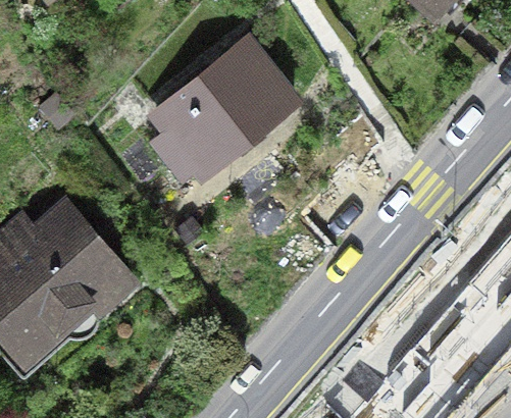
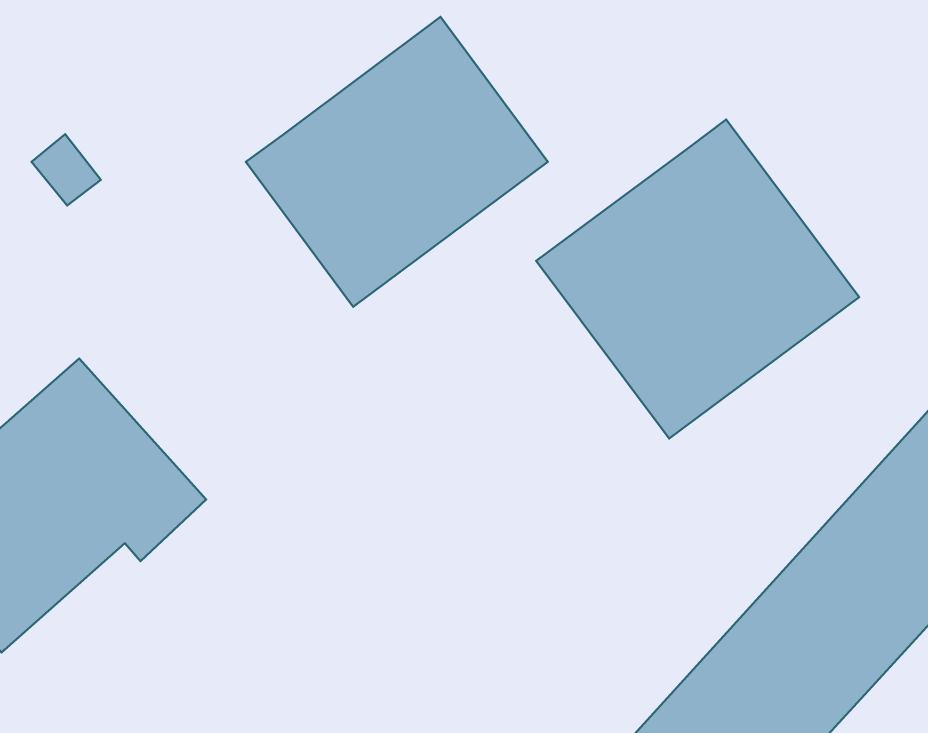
building: none -> [536,120,859,439]

